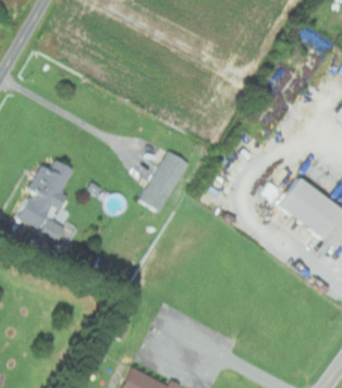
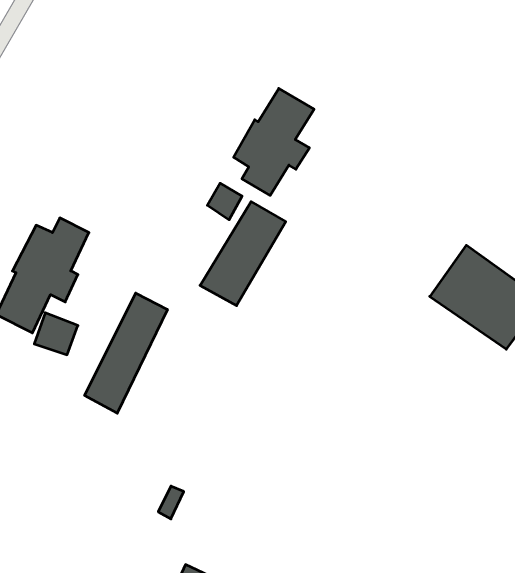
building: none -> [234,88,314,195]
building: none -> [85,293,167,413]

